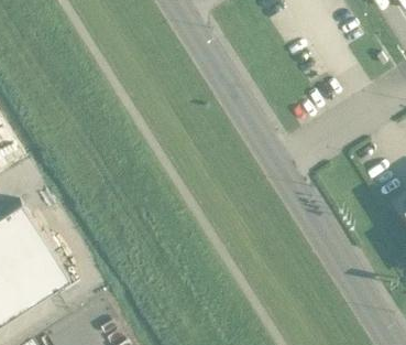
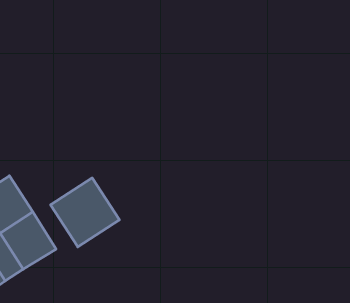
building: none -> [51,178,119,247]

